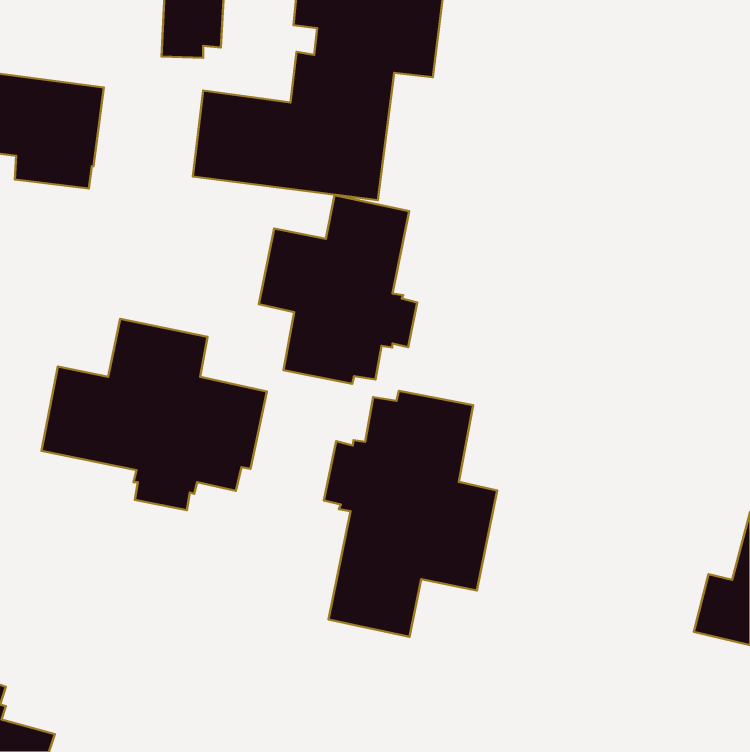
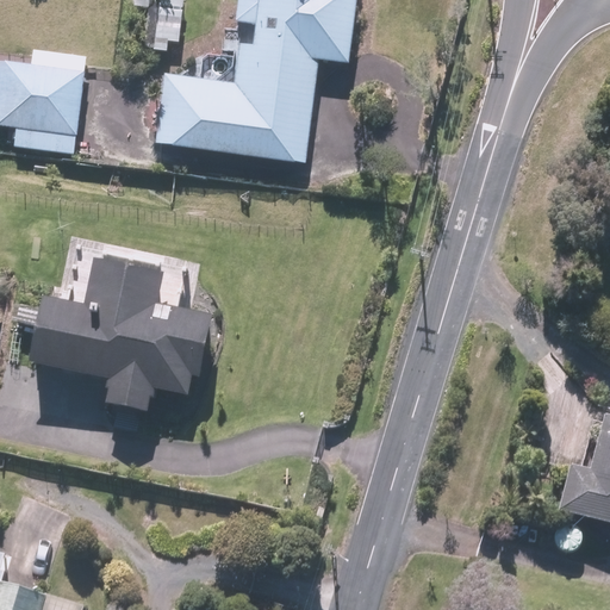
building: [259,195,417,384] -> none
building: [324,391,497,637] -> none

